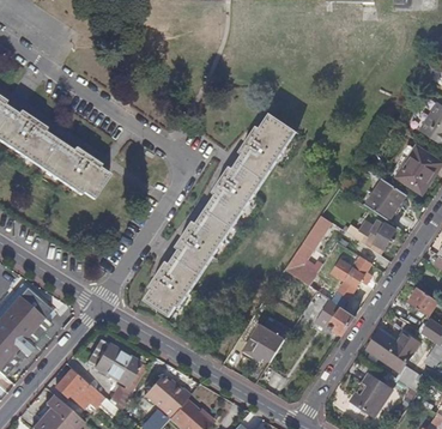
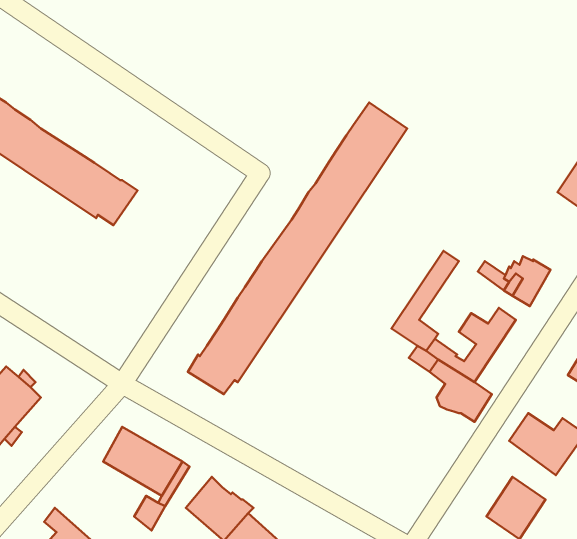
building: [365,179,407,220] -> none
building: [248,324,286,361] -> none
building: [54,370,103,407] -> none

